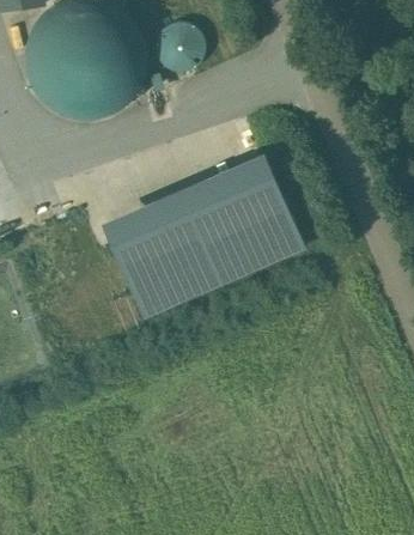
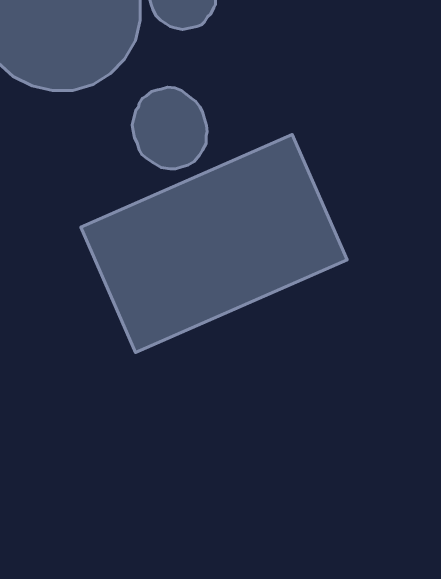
building: none -> [132,87,207,169]

